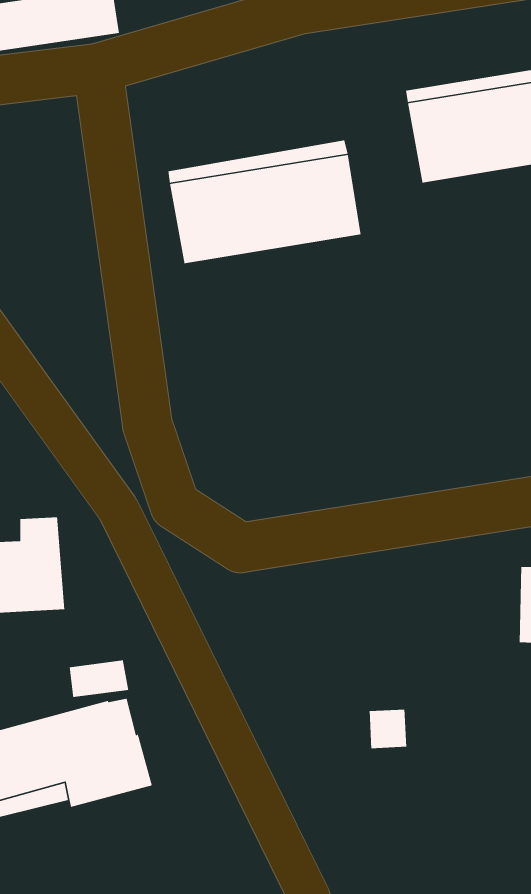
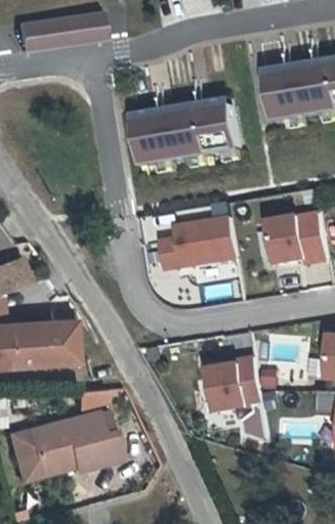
building: none -> [266,213,325,263]
building: none -> [158,216,235,268]
building: none -> [206,357,259,411]

